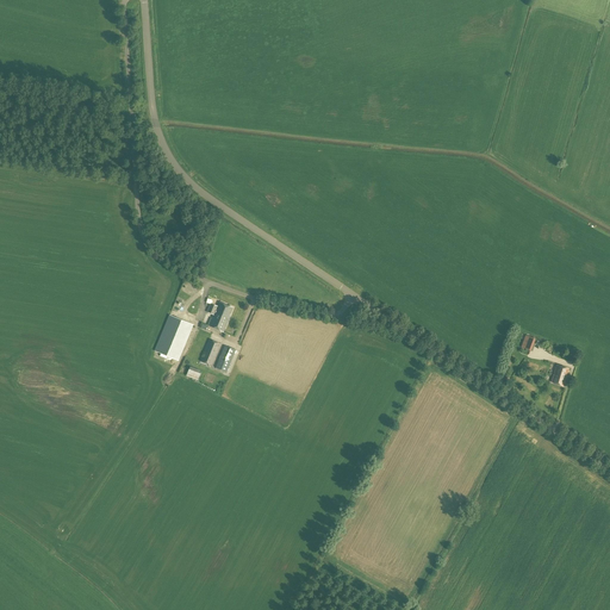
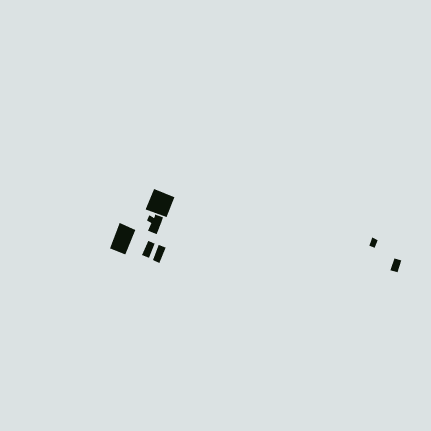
building: none -> [145,188,175,218]

